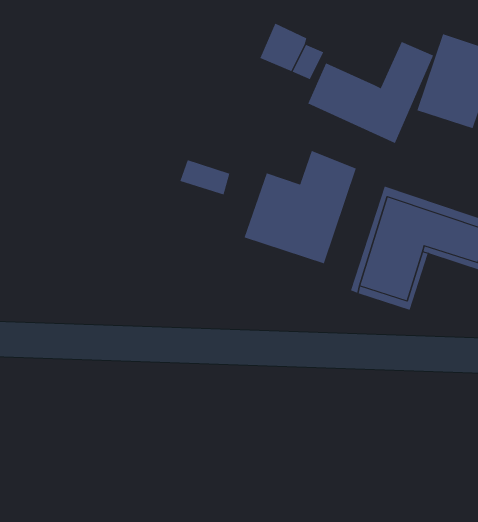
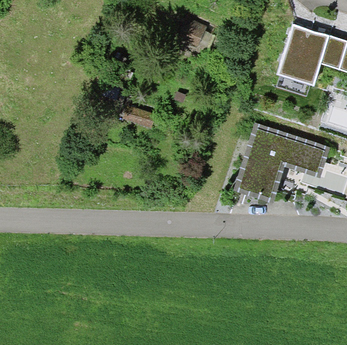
building: [307,41,434,144] -> none
building: [244,150,356,264] -> none

